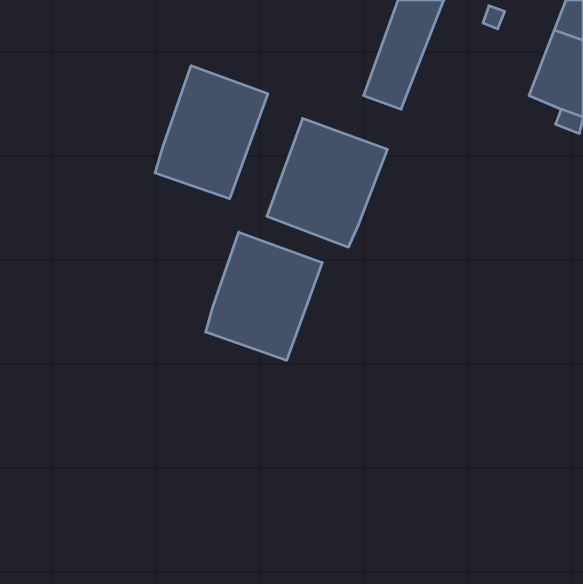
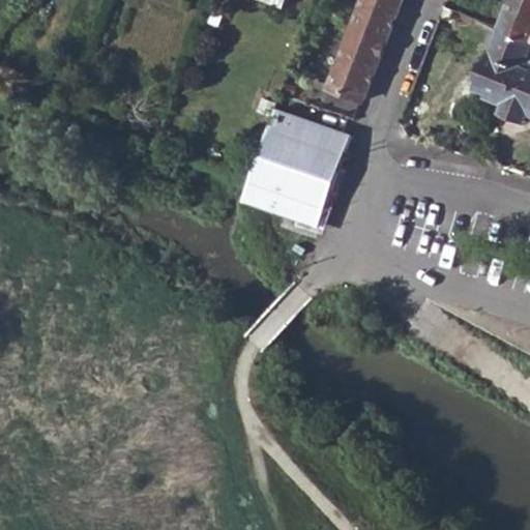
building: [155,66,268,199] -> none
building: [206,232,322,360] -> none

